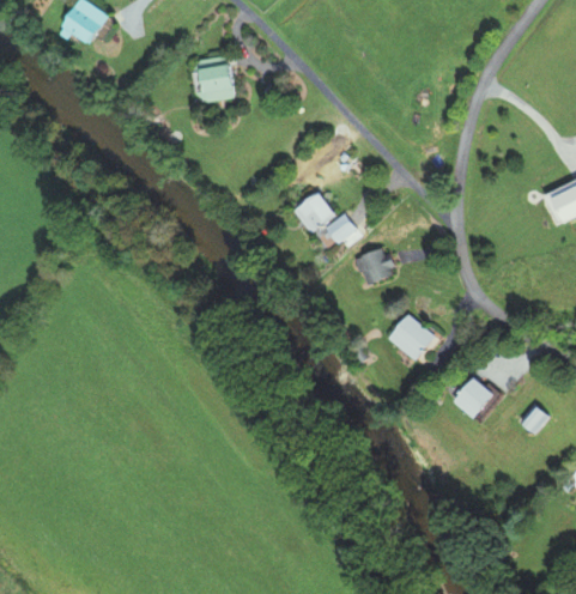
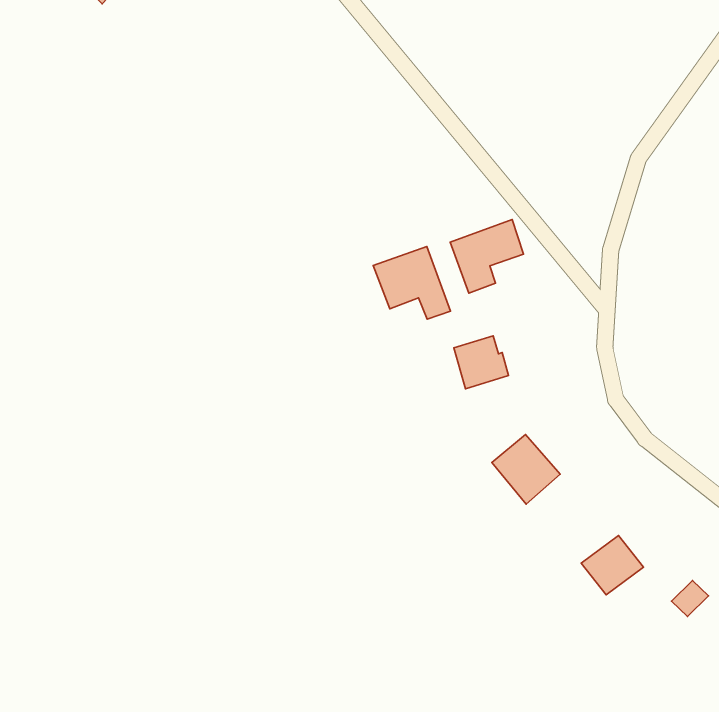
building: [193,56,236,102] -> none
building: none -> [450,219,524,293]

